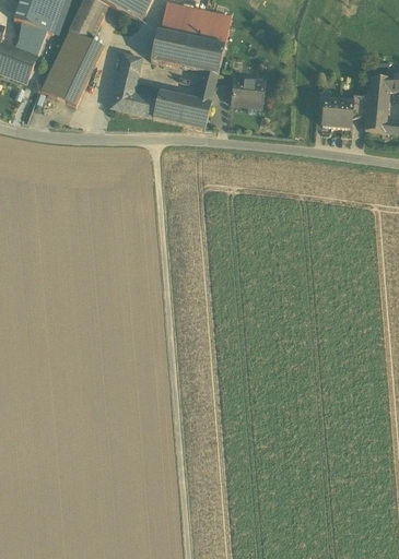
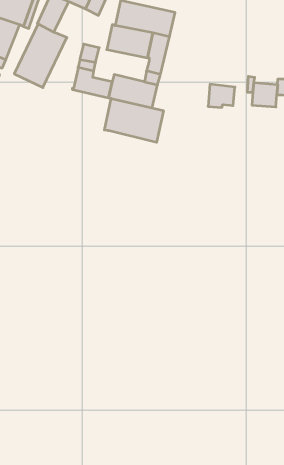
building: [233,78,265,105] -> [208,84,235,107]
building: none -> [104,98,163,142]

